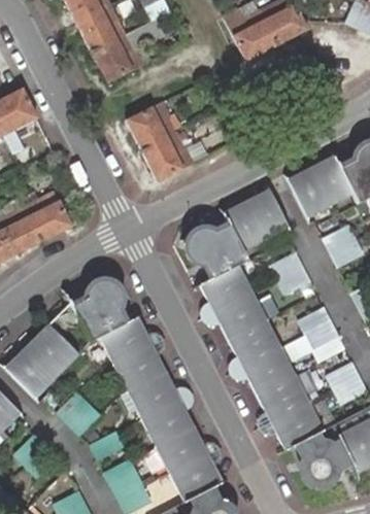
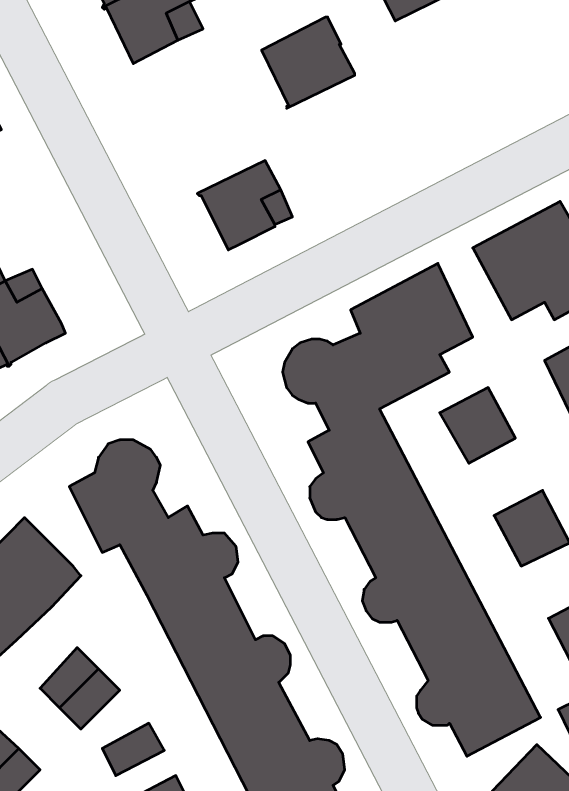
building: [128,102,177,150] -> [262,17,355,108]

